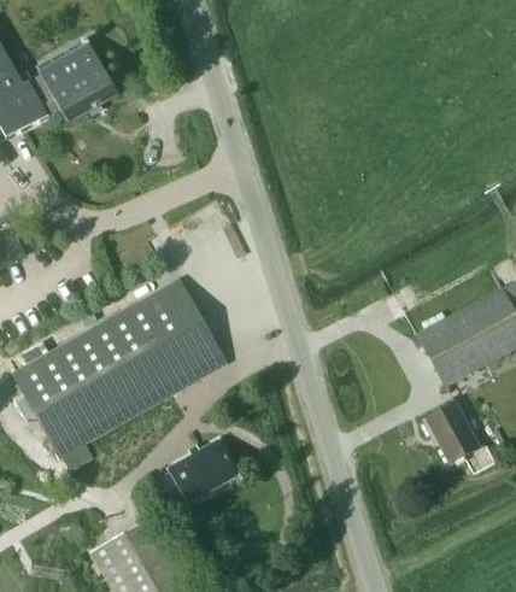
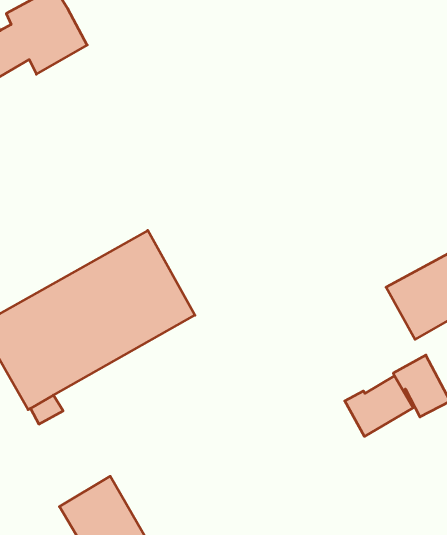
building: none -> [345,376,413,436]
building: [152,440,238,510] -> none

